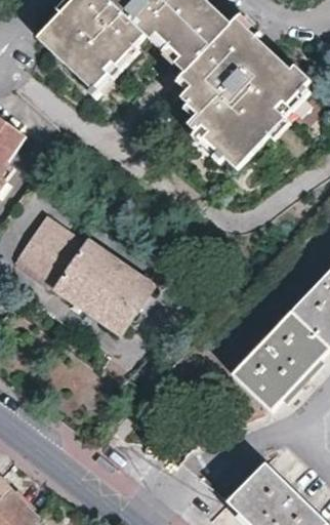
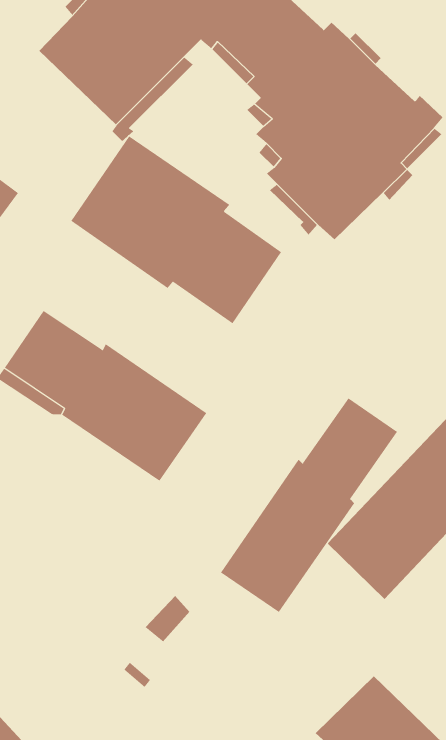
building: none -> [71,135,282,324]
building: none -> [220,398,398,613]

